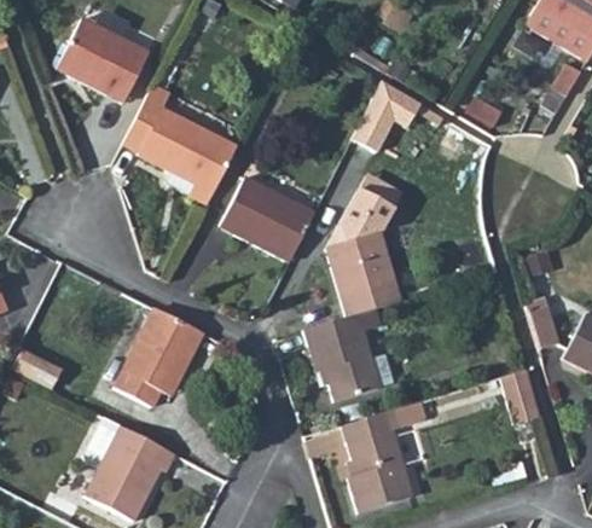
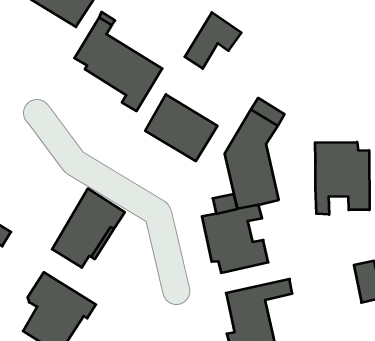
building: [353,79,423,151] -> [185,12,241,69]
building: none -> [315,142,369,215]

